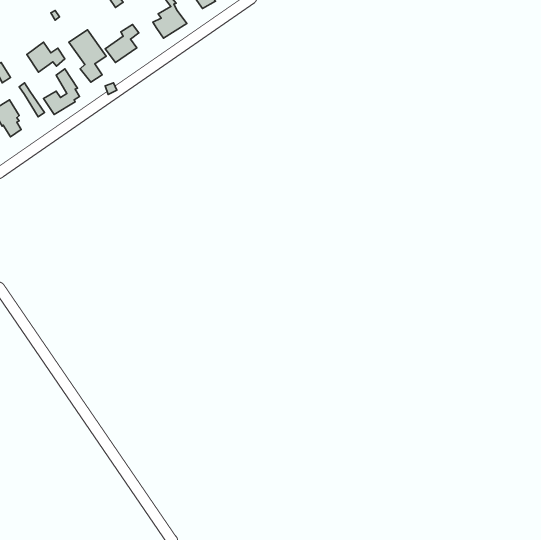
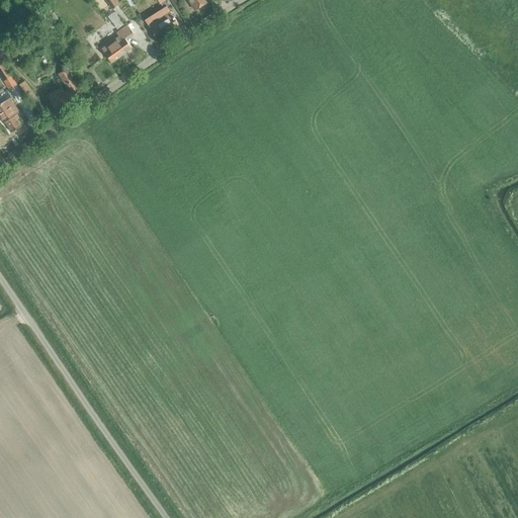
building: [69,30,106,82] -> none
building: [27,42,65,72] -> none

